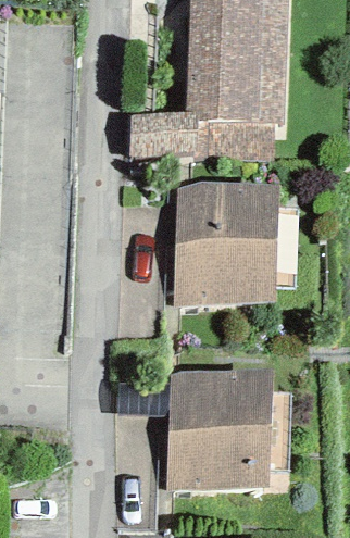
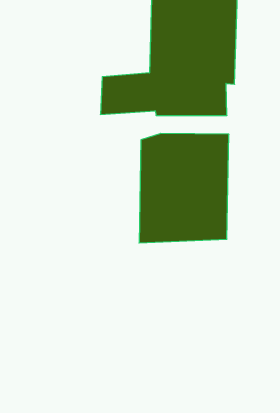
building: [167,367,272,490] -> none

